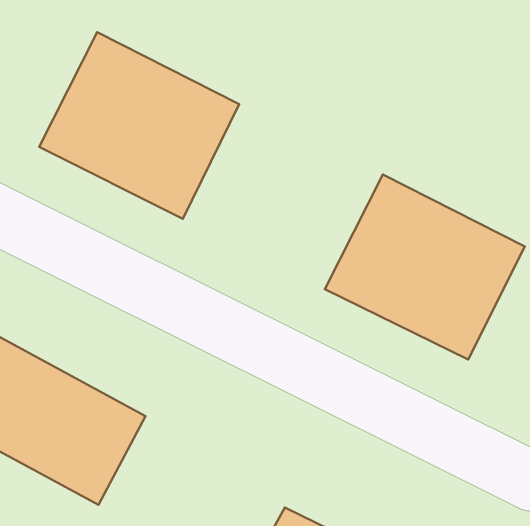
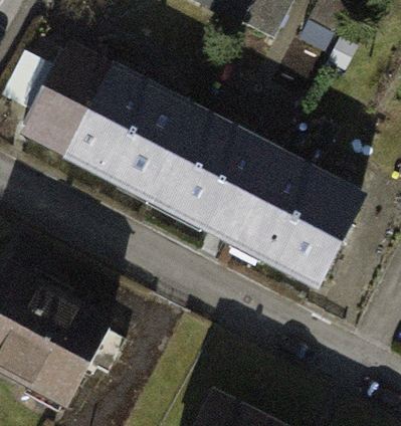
building: none -> [134,108,279,242]

